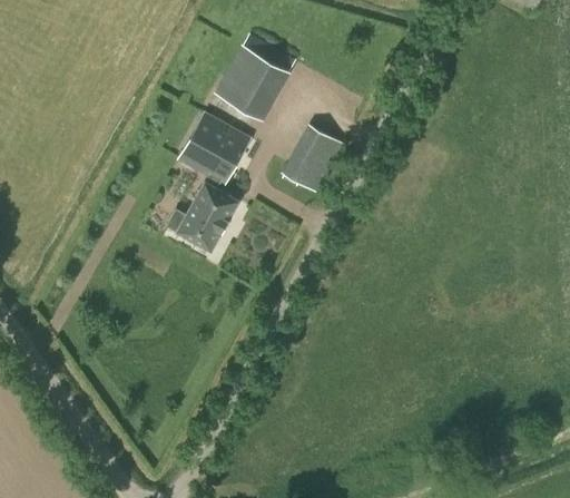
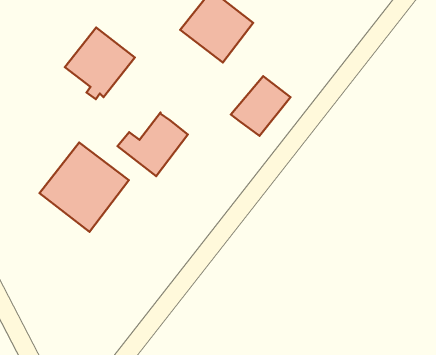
building: [179,114,252,189] -> [65,27,135,99]
building: none -> [40,143,129,232]

